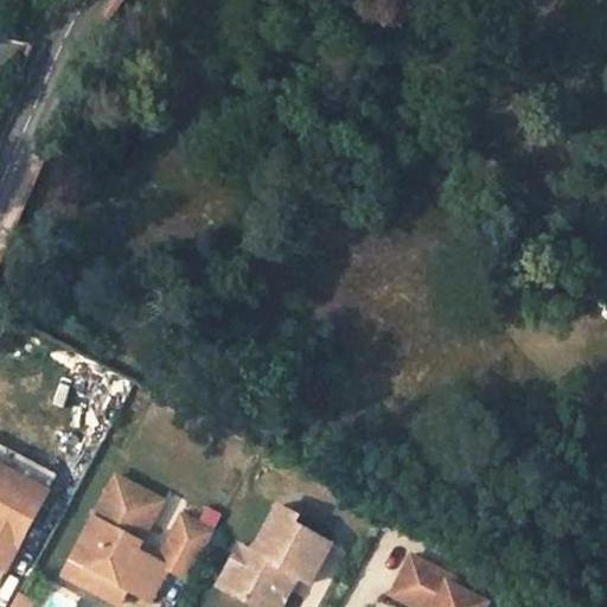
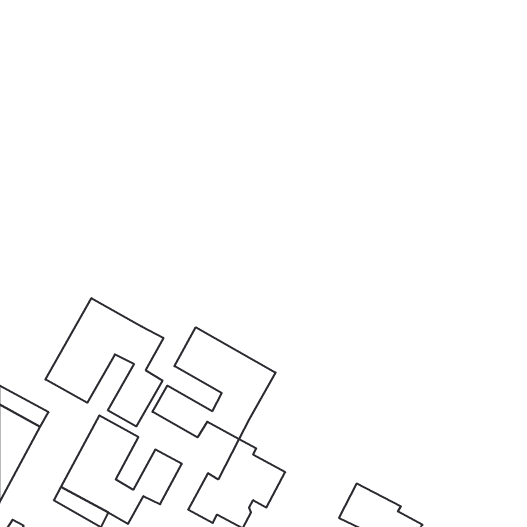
building: none -> [45,298,163,426]
building: none -> [152,327,276,439]

